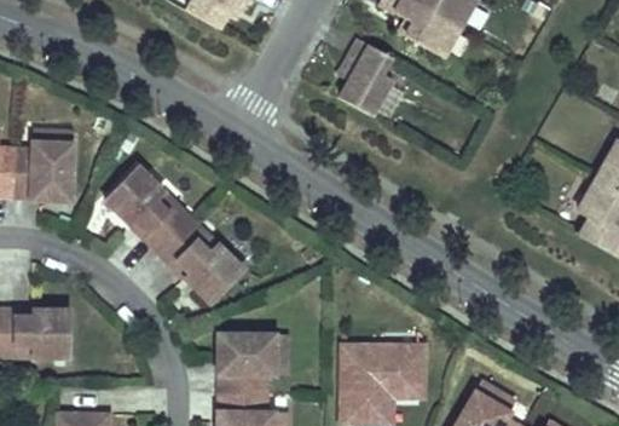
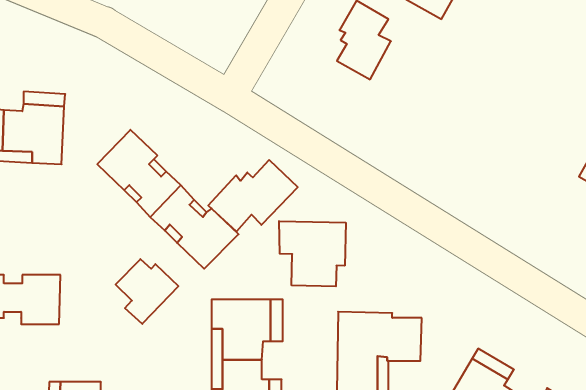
building: none -> [208,160,298,232]
building: none -> [279,221,346,286]
building: none -> [116,259,178,324]

